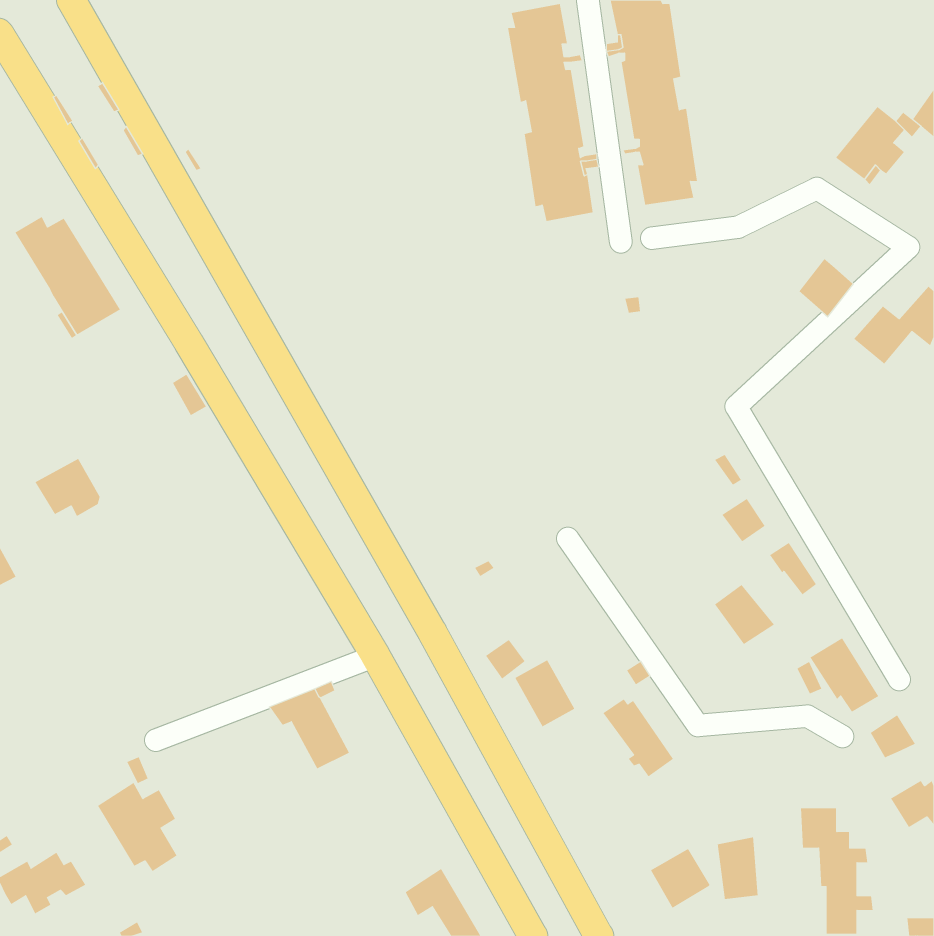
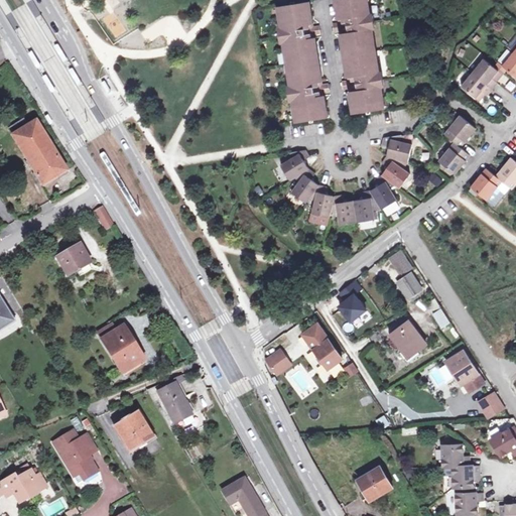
building: none -> [443,116,476,147]
building: none -> [279,135,412,225]
building: [34,458,100,517] -> [56,244,93,276]
building: none -> [332,281,368,322]
building: none -> [97,324,145,374]
building: [602,698,674,777] -> [302,327,342,370]
building: none -> [114,412,153,450]
building: [717,837,758,900] -> none

